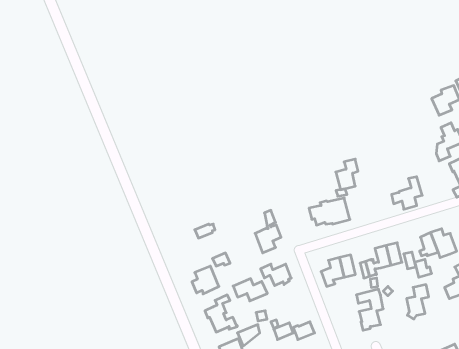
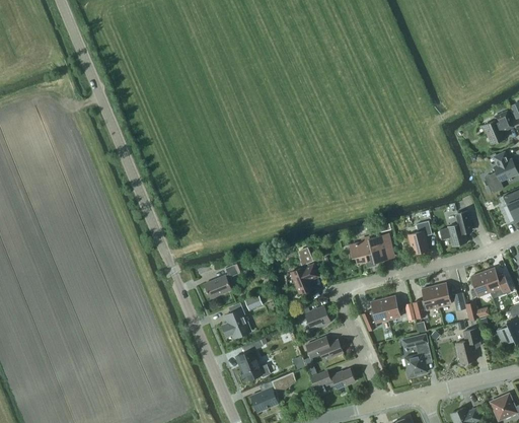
building: [336,159,358,190] -> [407,220,432,254]
building: none -> [204,275,232,298]
building: [233,279,267,301] -> [306,336,344,360]

